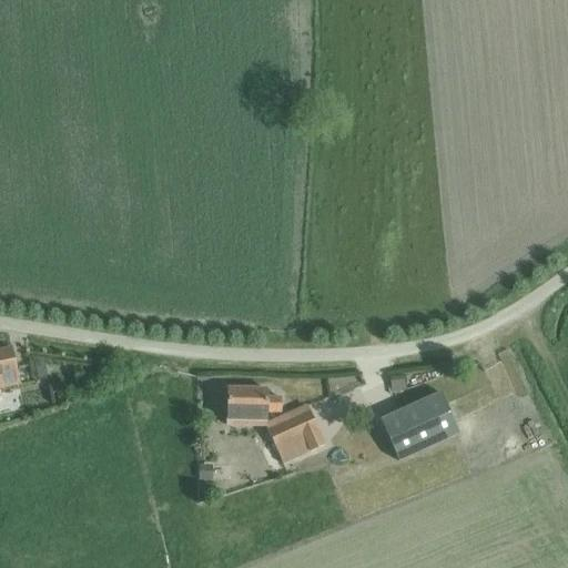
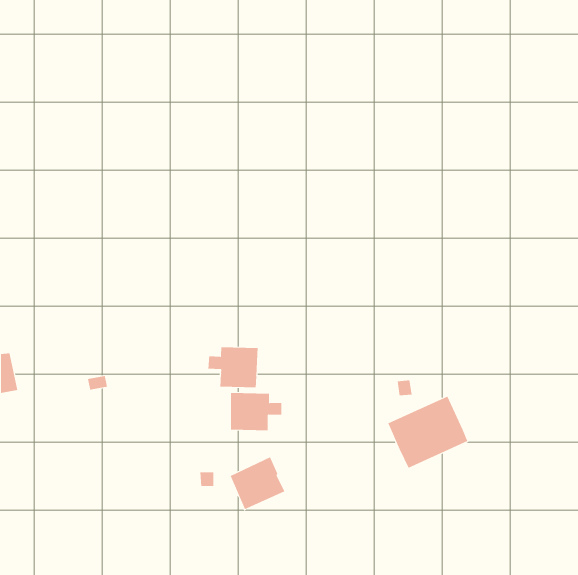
building: none -> [208,346,258,388]
building: [268,408,323,460] -> [230,456,285,510]

